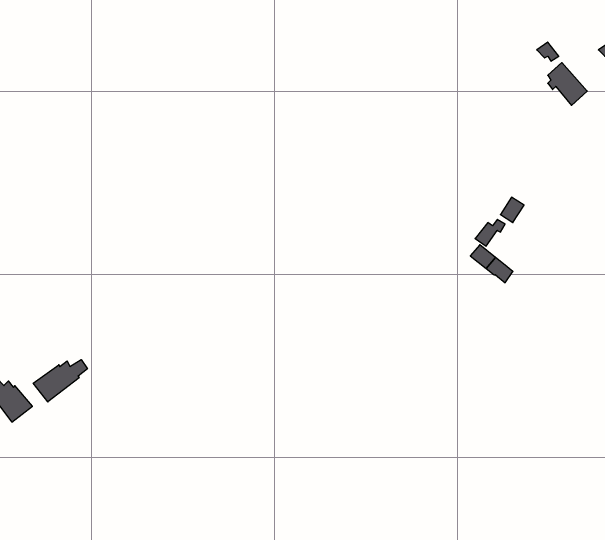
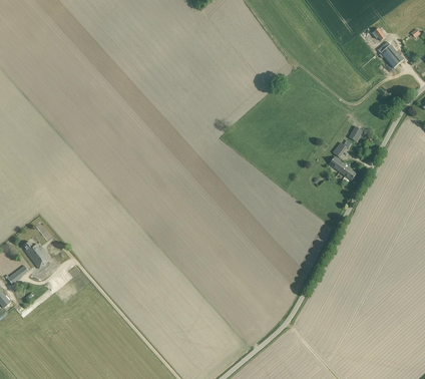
building: [33,360,87,402] -> none

